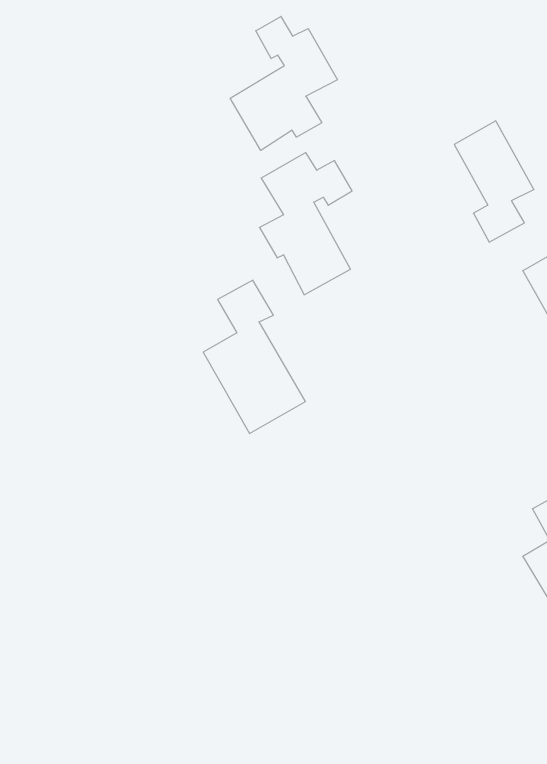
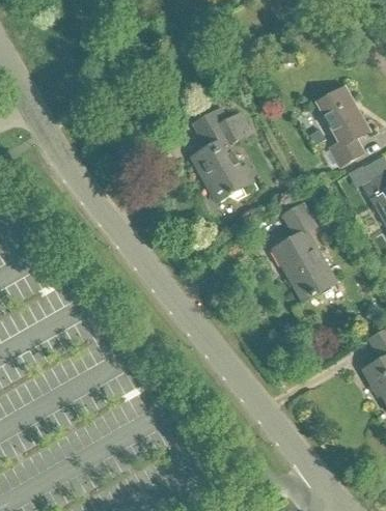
building: [230,16,337,150] -> none
building: [203,280,305,433] -> [271,202,337,302]

